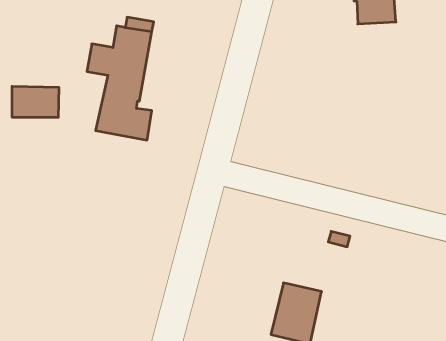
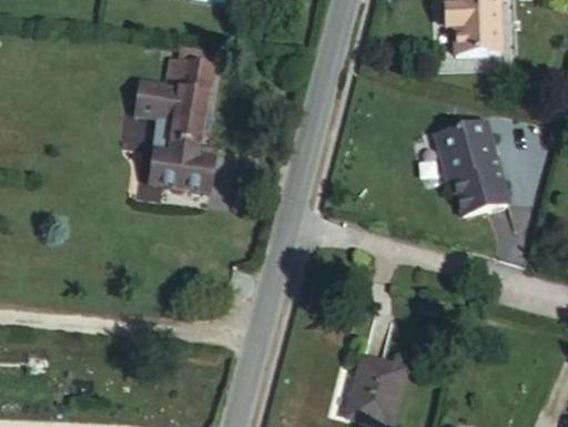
building: none -> [432,121,506,213]
building: [12,86,59,117] -> none

